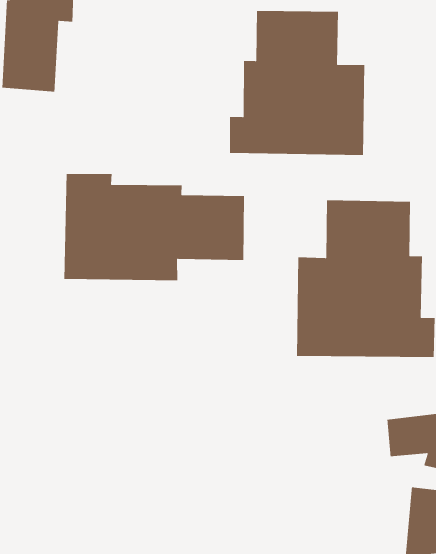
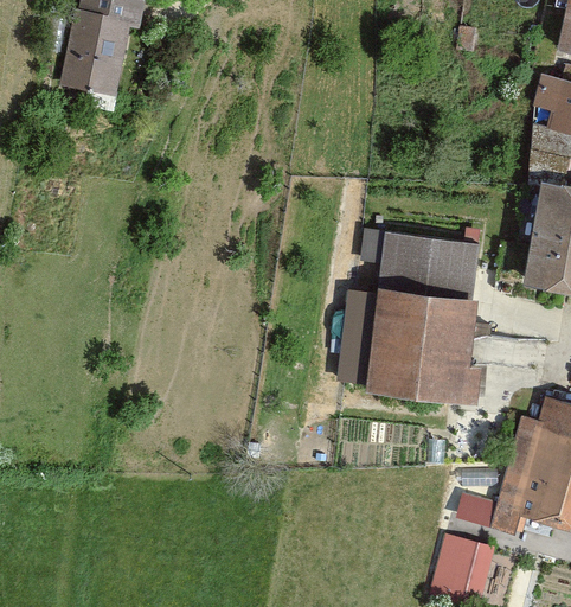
building: [229,10,365,156] -> none
building: [64,173,245,281] -> none

